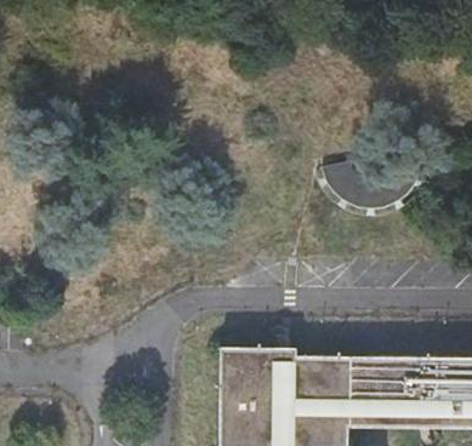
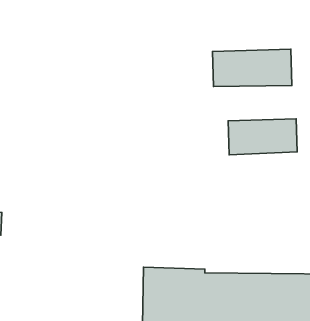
building: none -> [212,49,292,87]

